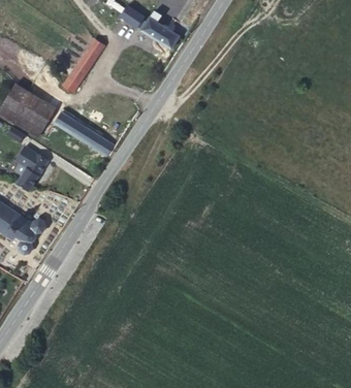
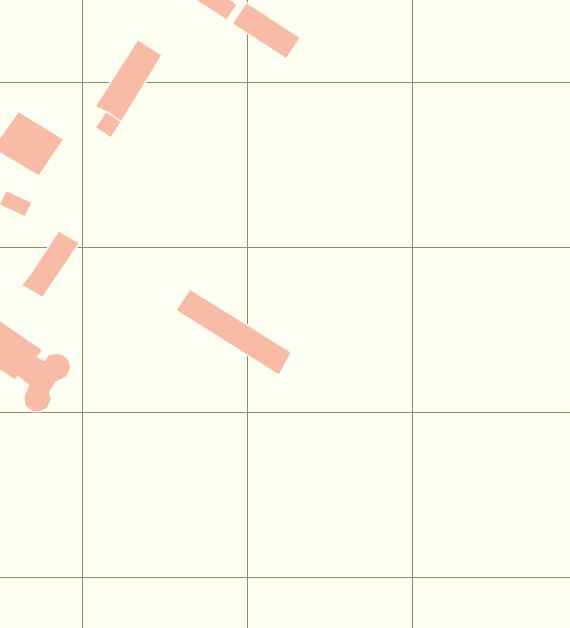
building: [21,97,54,135] -> none
building: [51,112,119,163] -> [176,289,292,375]
building: [14,142,38,174] -> none

